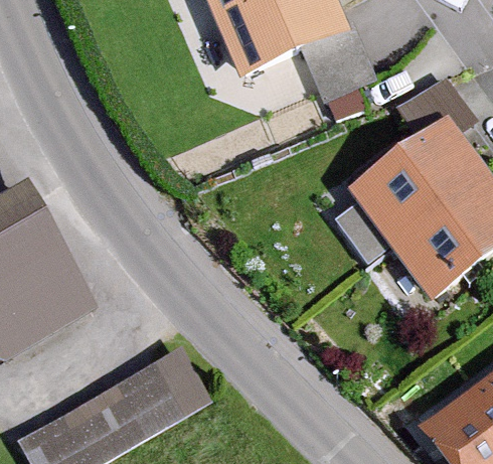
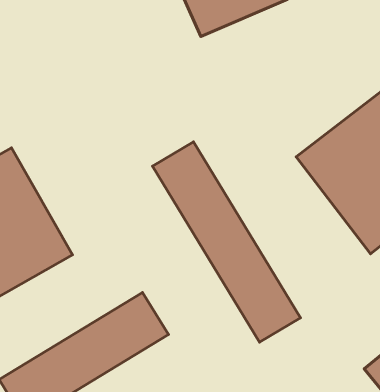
building: none -> [153,142,300,342]

